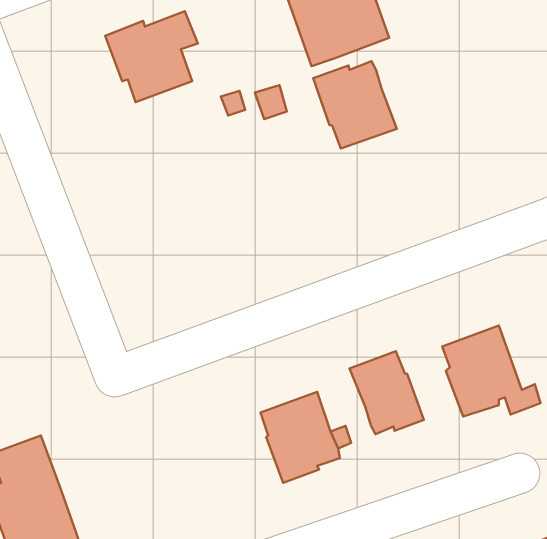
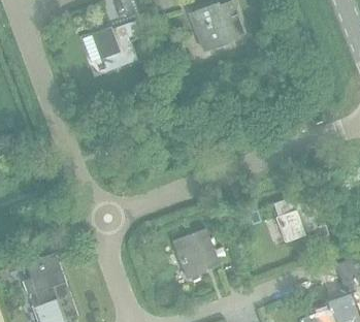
building: [313,61,397,149] -> none
building: [350,351,424,434] -> none

